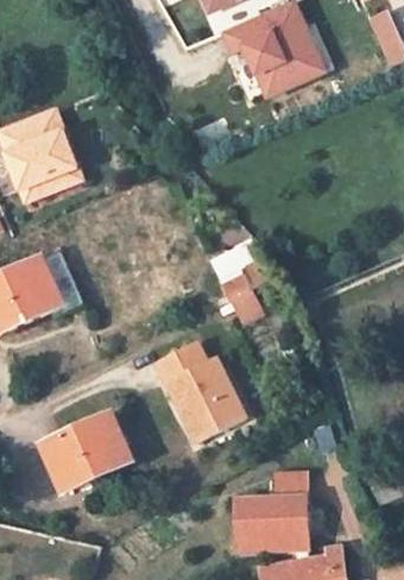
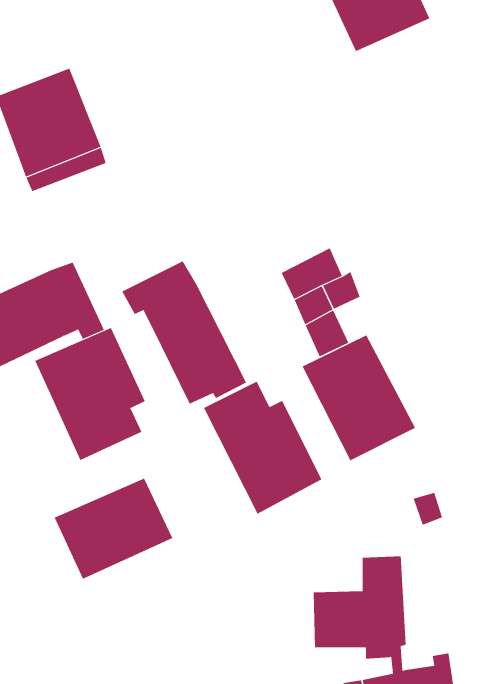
building: none -> [122,261,247,405]
building: none -> [34,327,146,461]
building: none -> [302,334,416,461]

